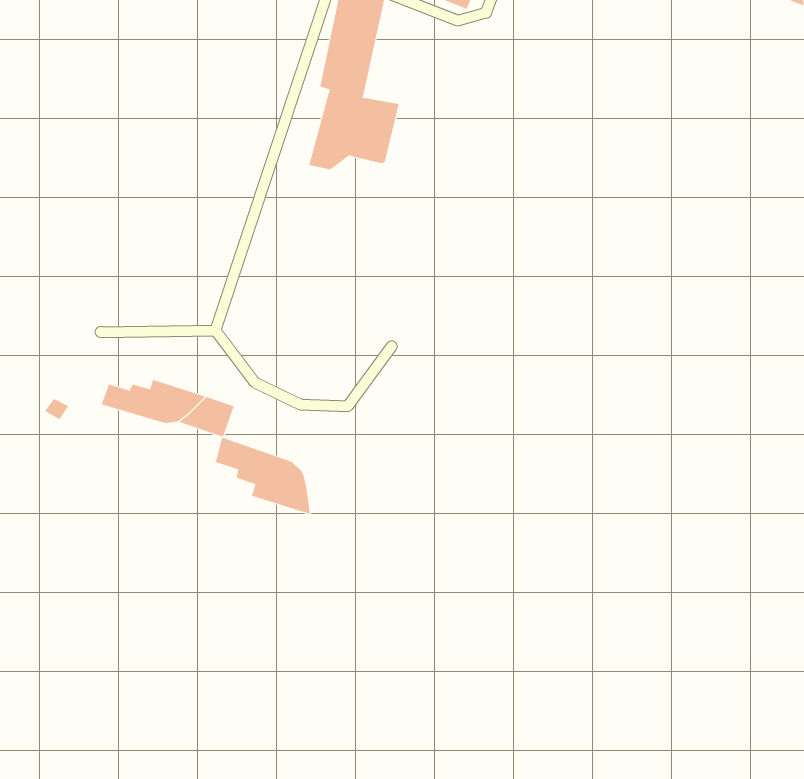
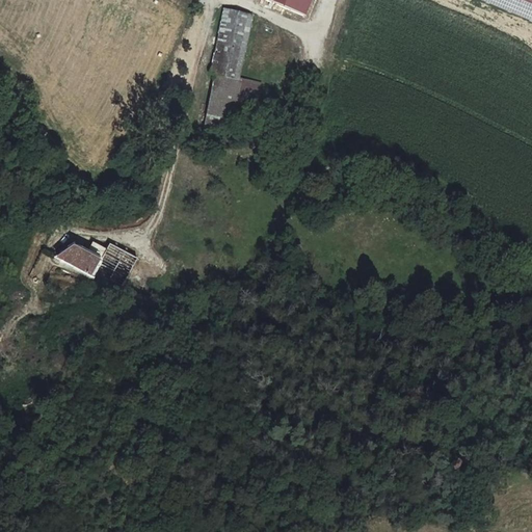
building: [215,437,311,515] -> none

